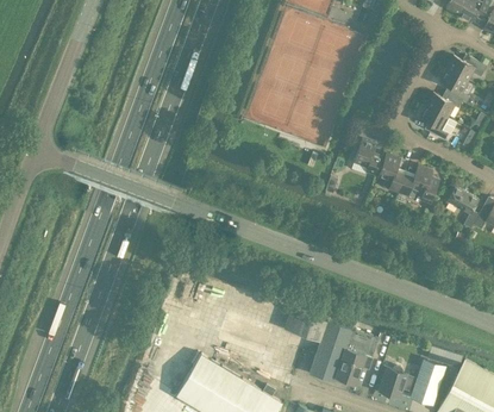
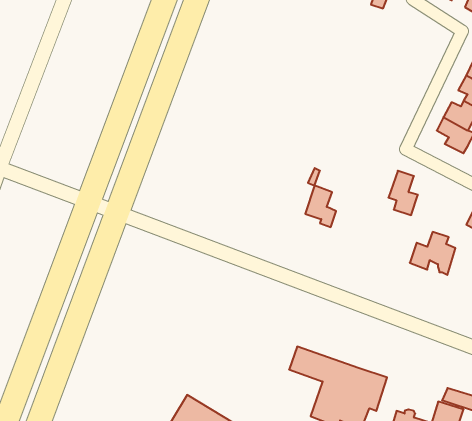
building: [355,139,382,176] -> [305,186,336,227]
building: [400,167,440,205] -> [410,232,455,275]

